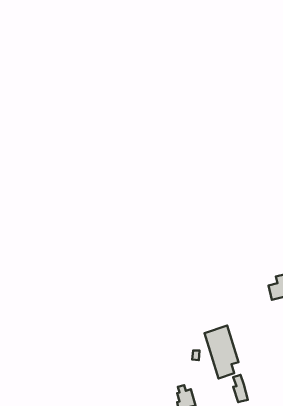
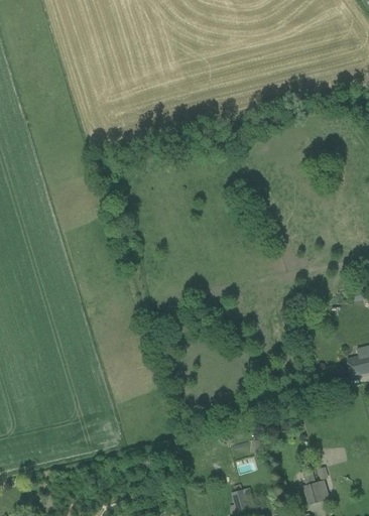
building: [204,326,239,379] -> none

